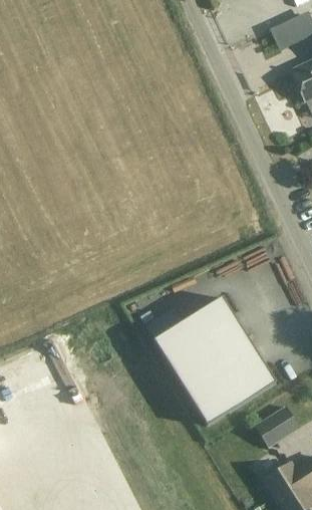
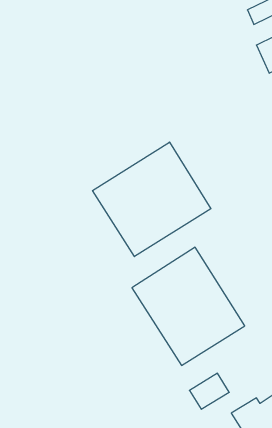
building: none -> [93,142,211,257]
building: [254,408,298,448] -> [189,373,229,409]

